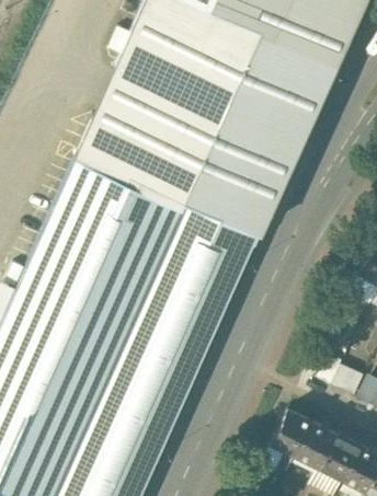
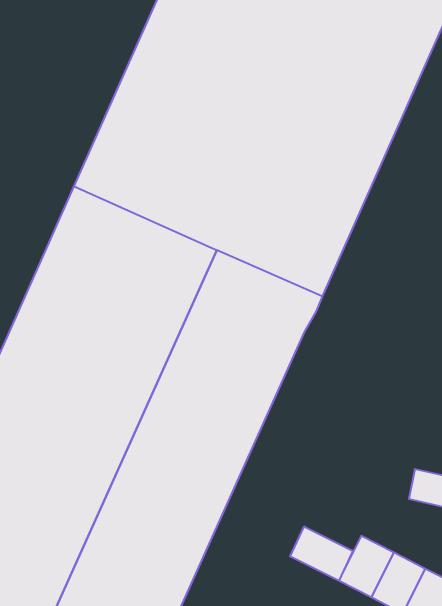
building: none -> [290,526,353,581]

